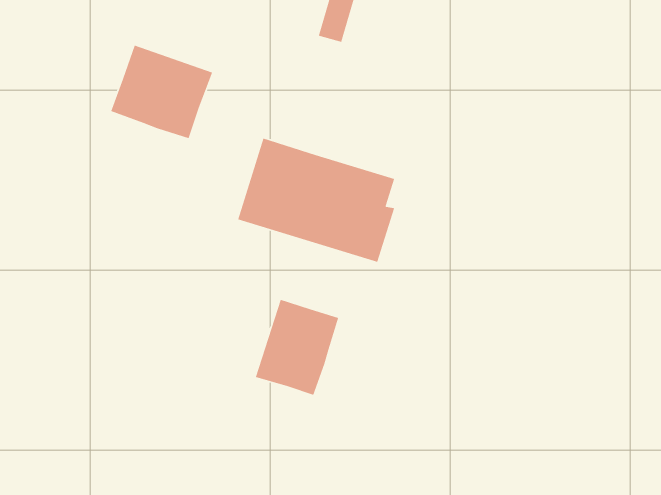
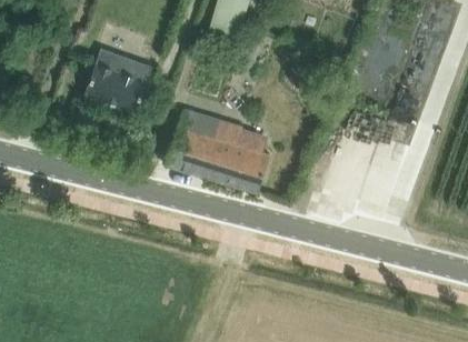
building: [255,299,339,396] -> none

